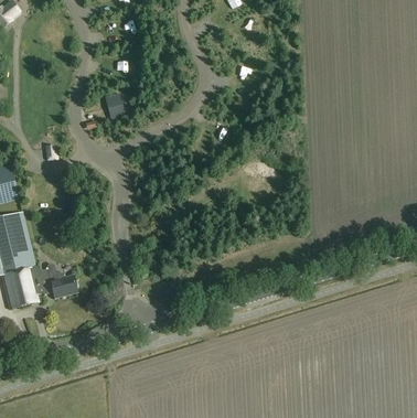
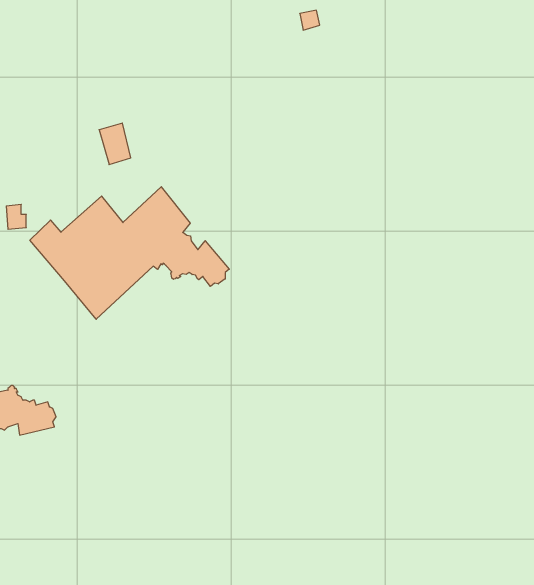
building: none -> [30,187,229,319]

